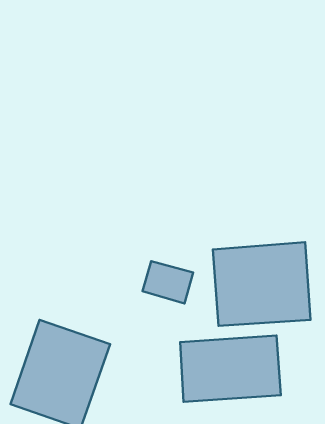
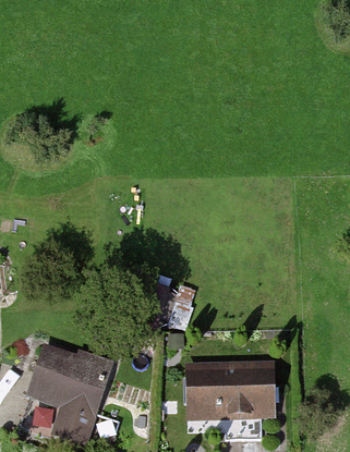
building: [213,242,310,326] -> none

